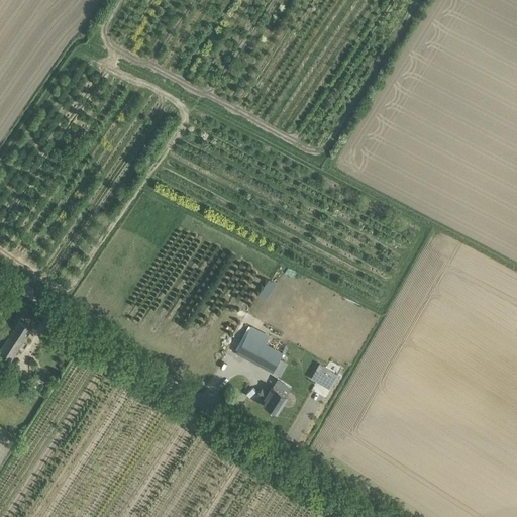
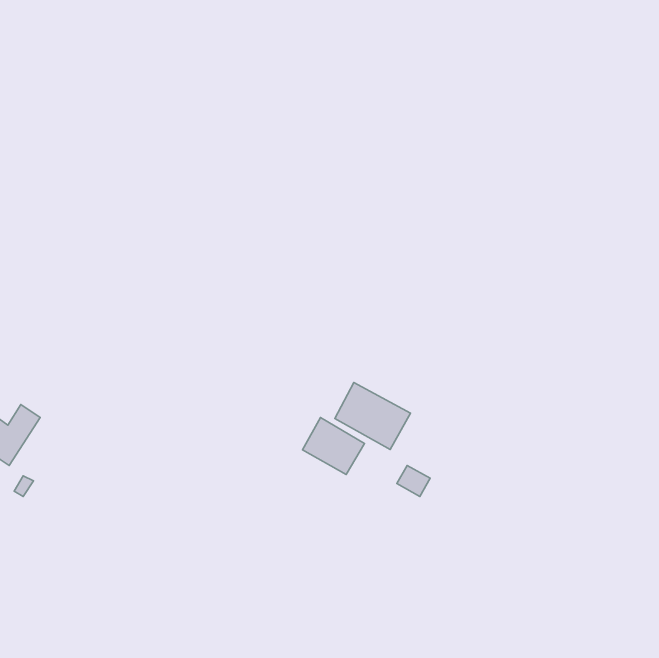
building: none -> [335,383,411,449]
building: [256,388,286,413] -> none

